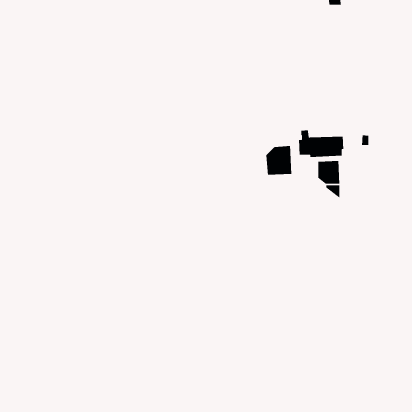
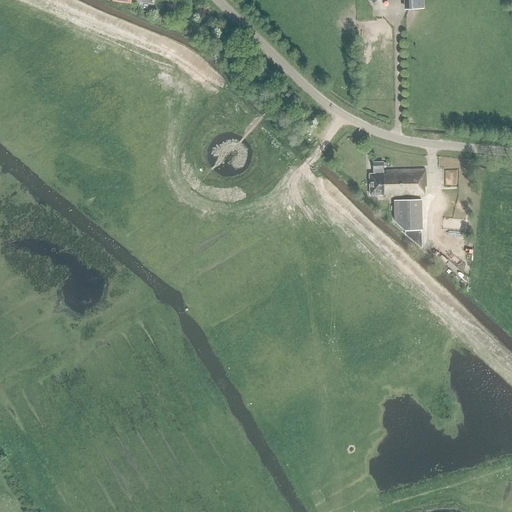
building: [265,145,292,176] -> none

